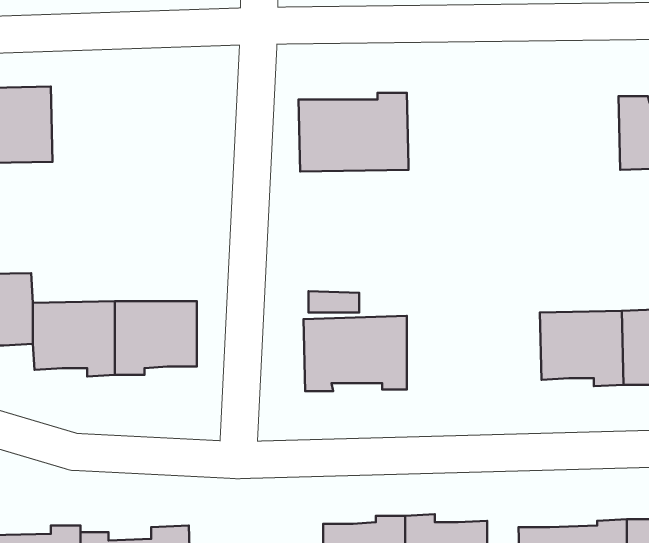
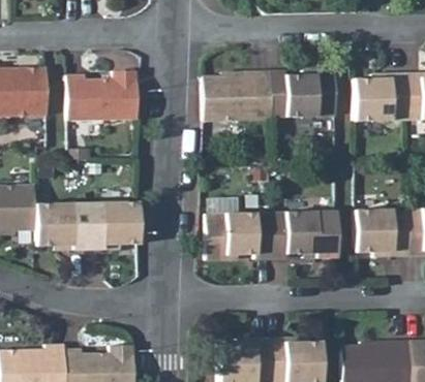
building: none -> [271,70,336,118]
building: none -> [67,71,139,121]
building: none -> [354,74,405,122]
building: none -> [271,212,336,259]

